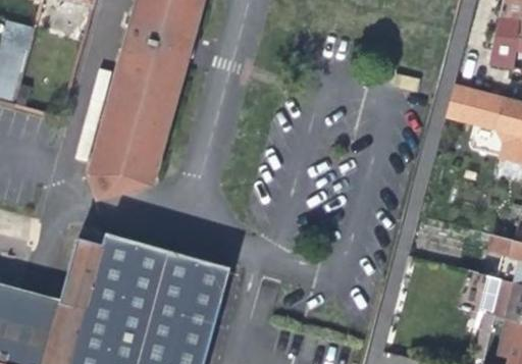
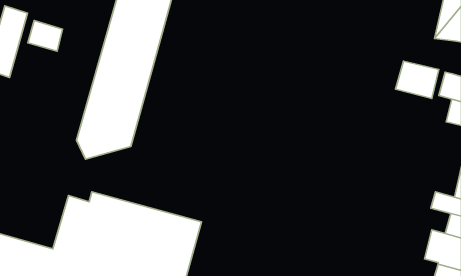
building: none -> [28,21,63,51]

